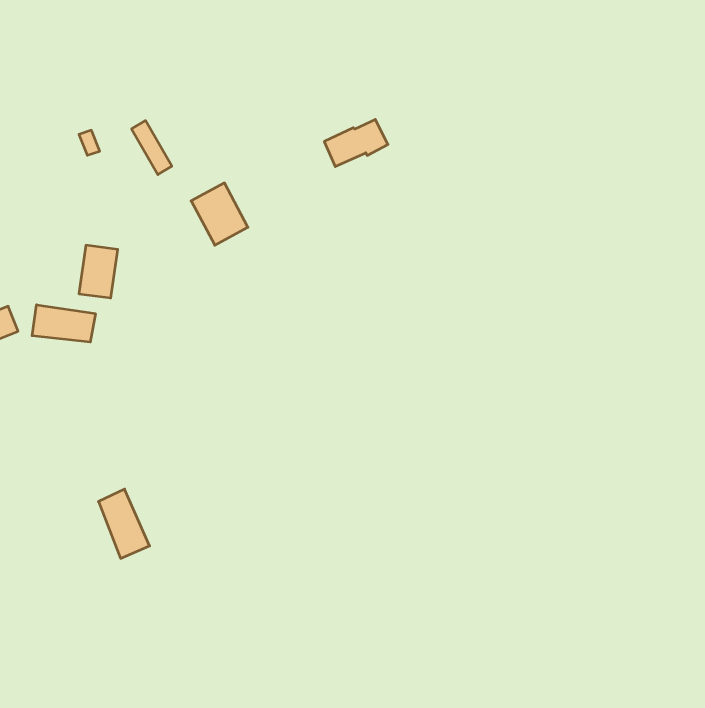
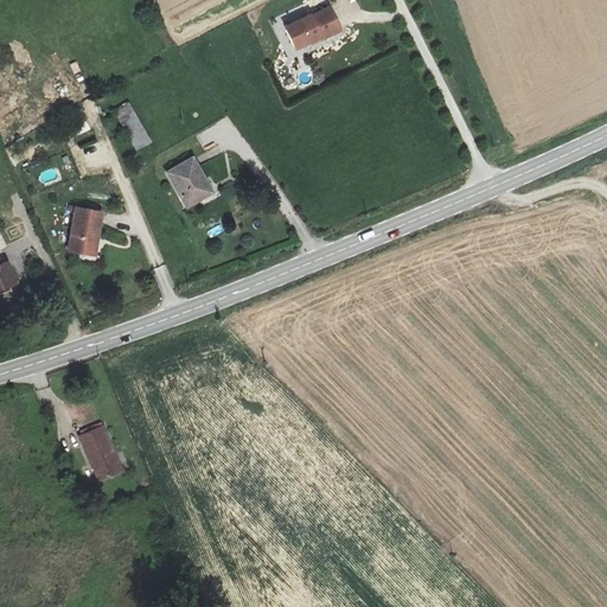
building: [324,119,388,167] -> [285,8,339,49]
building: [32,305,95,342] -> none

